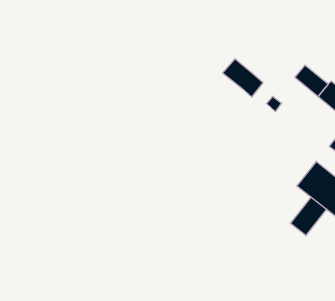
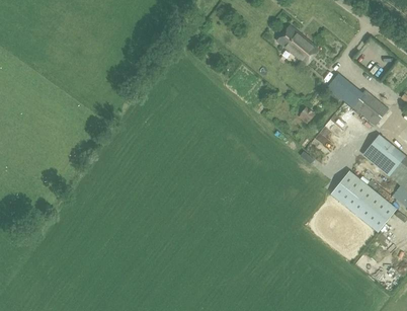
building: [223,59,263,97] -> [276,26,317,65]
building: [290,197,327,236] -> none

